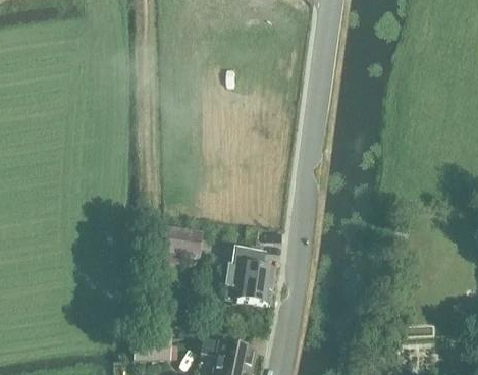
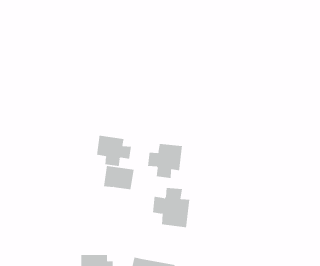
building: none -> [96,135,132,167]
building: none -> [147,143,182,179]

